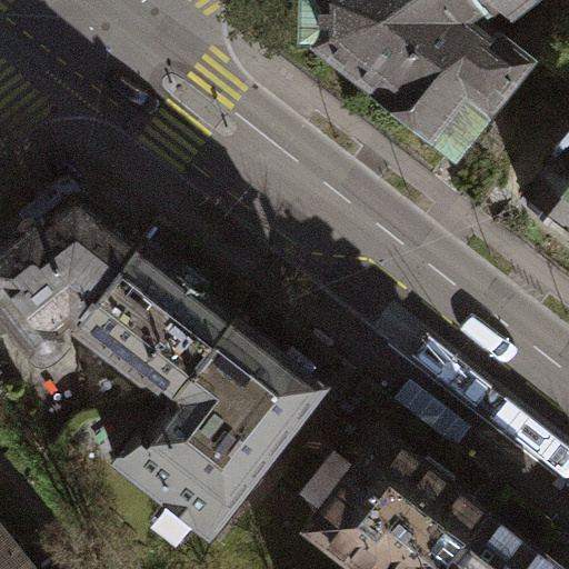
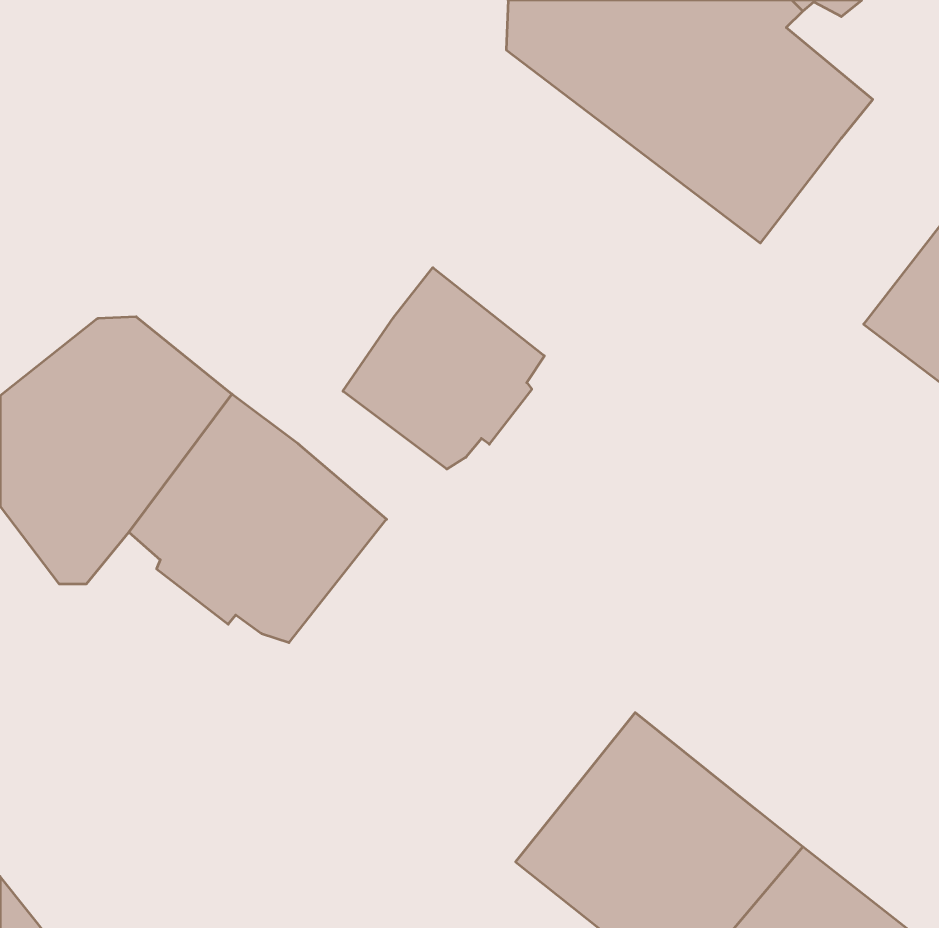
building: none -> [343,268,544,469]
building: [119,321,323,538] -> none

